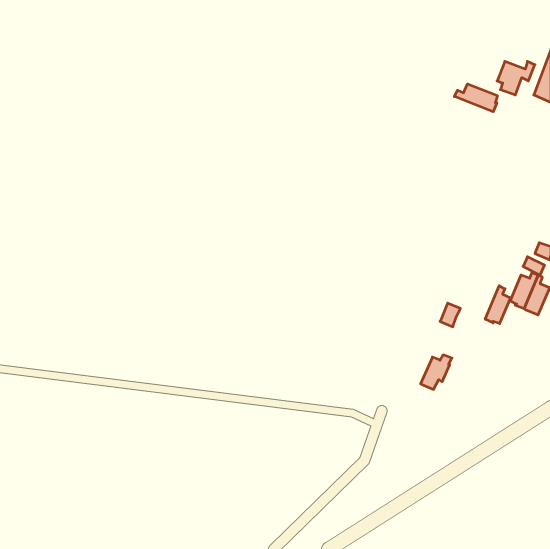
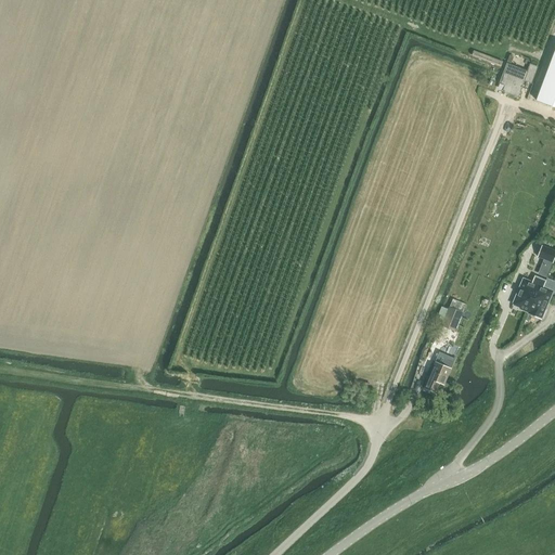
building: [454,84,497,112] -> none
building: [485,286,511,324] -> none

